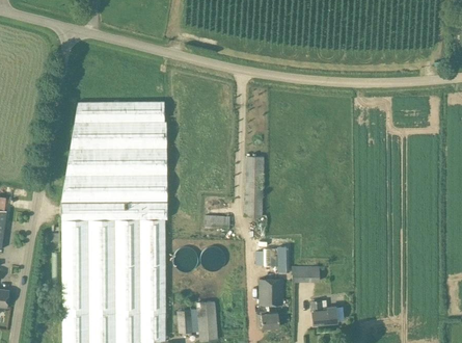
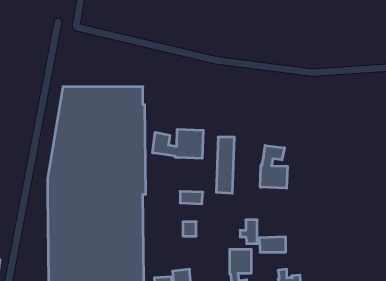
building: none -> [153,129,203,158]
building: none -> [260,145,287,188]

